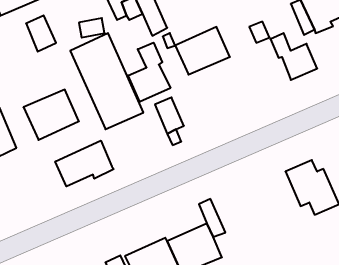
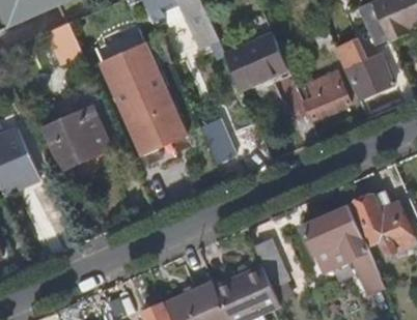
building: [128,43,170,102] -> none
building: none -> [303,75,346,121]
building: [55,141,114,186] -> none
building: none -> [301,206,381,286]

